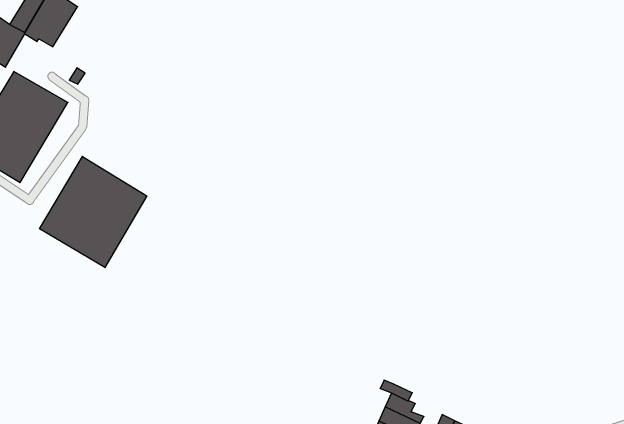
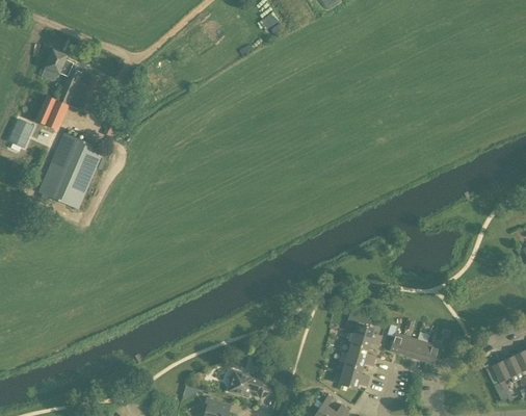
building: [40,156,147,268] -> none

